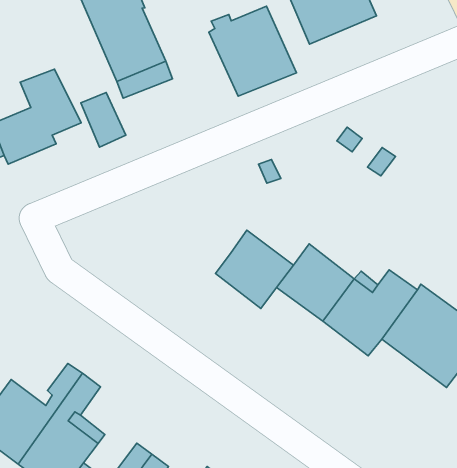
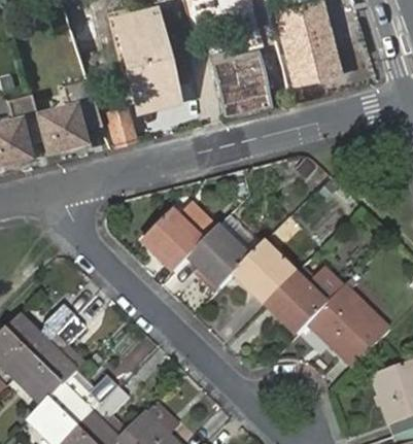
building: none -> [142,202,215,268]

